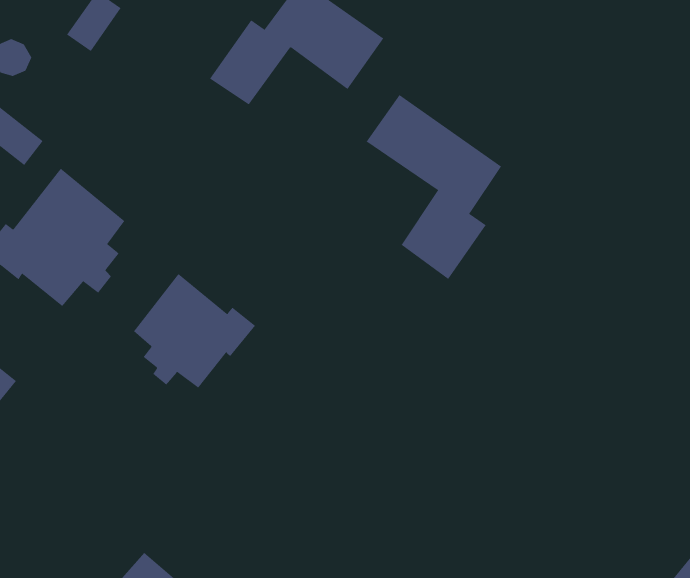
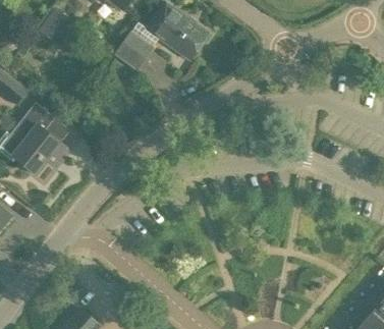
building: [366,94,502,280] -> none
building: [133,273,256,389] -> none

